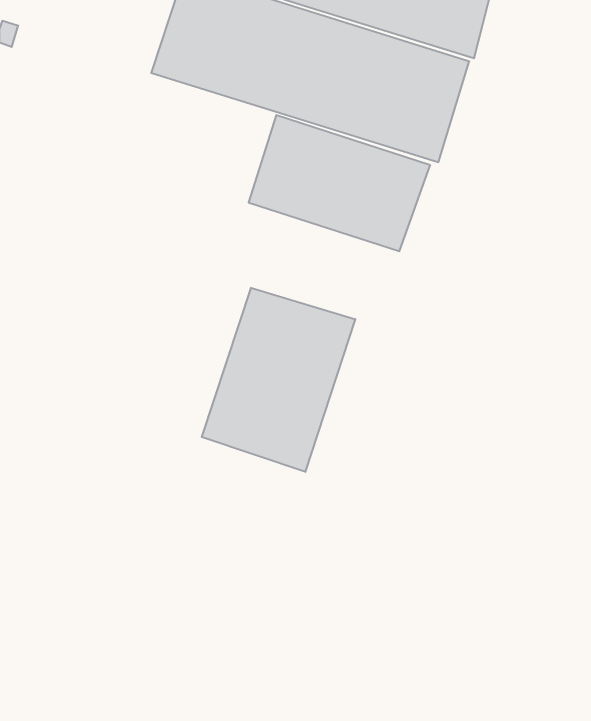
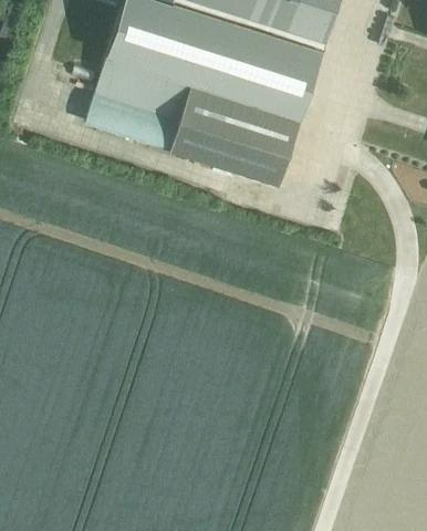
building: none -> [87,63,185,148]
building: [202,288,355,472] -> none

